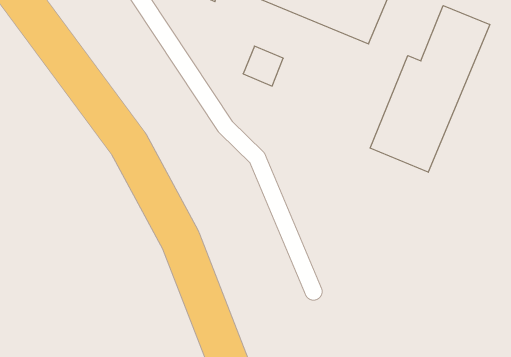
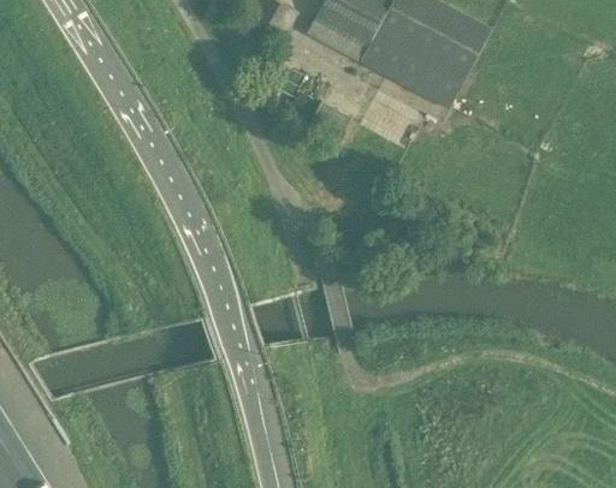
building: [370,6,490,172] -> none

